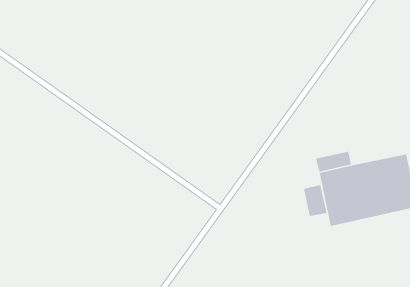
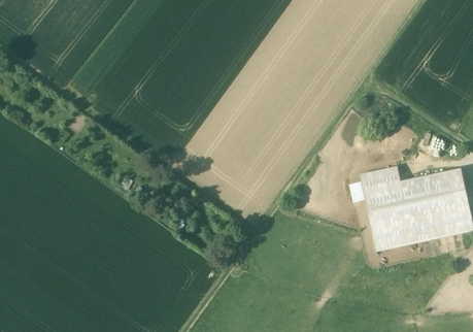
building: [303,184,327,217] -> none

